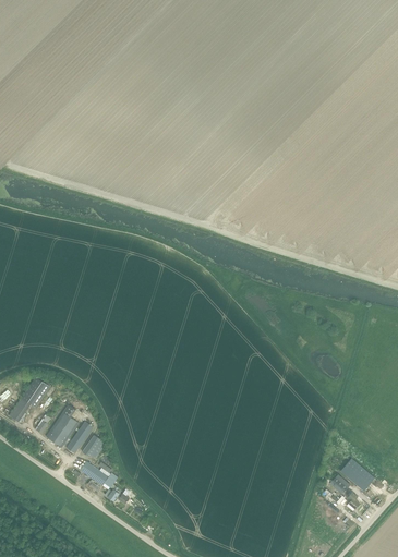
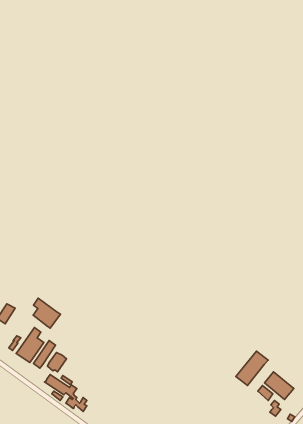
building: none -> [33,298,60,328]
building: none -> [236,351,268,386]

